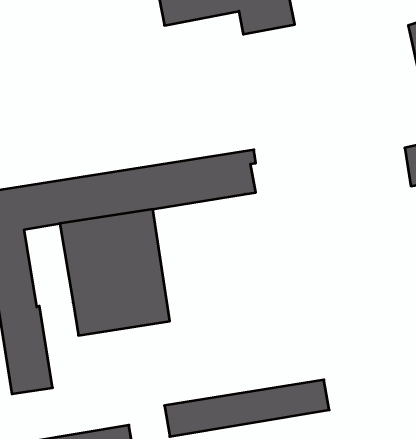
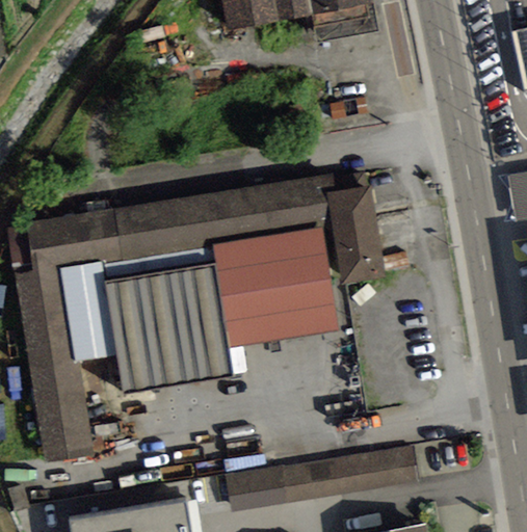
building: none -> [326,185,384,283]
building: none -> [212,228,338,348]
building: none -> [61,262,118,360]

